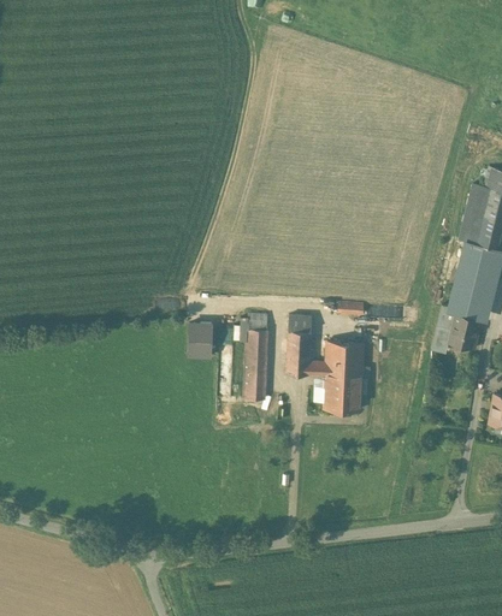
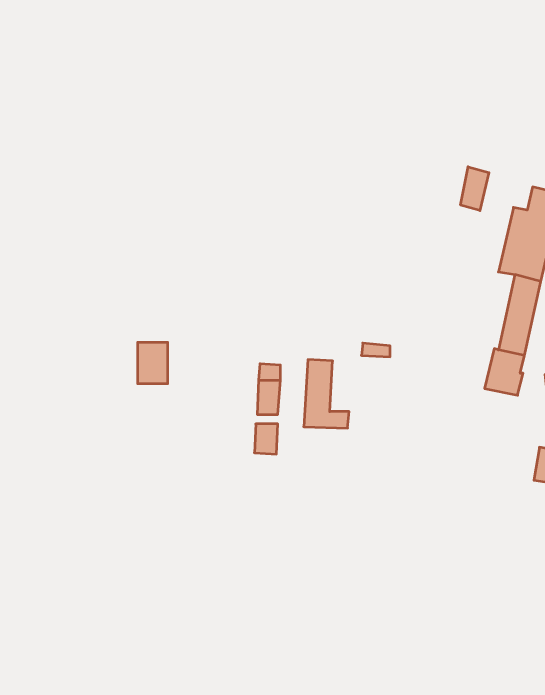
building: none -> [461,167,489,211]
building: [191,320,218,356] -> [138,342,168,384]
building: [323,343,361,410] -> none

